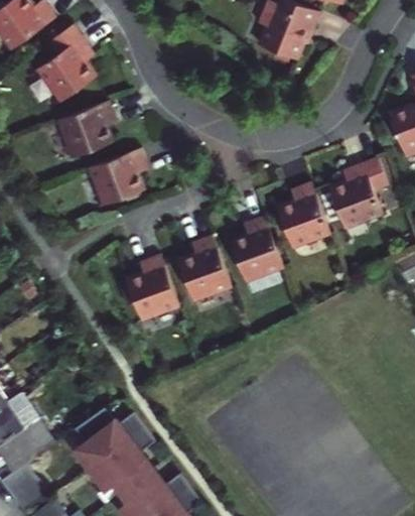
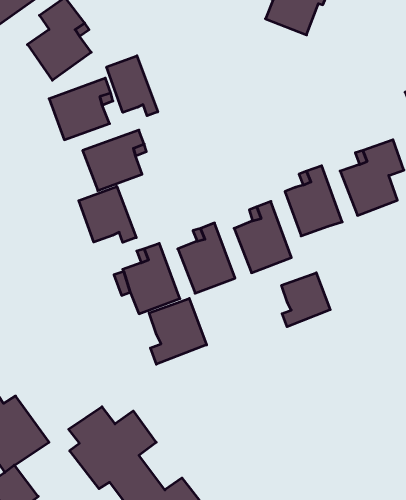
building: none -> [107,56,158,116]
building: none -> [79,186,136,242]
building: none -> [282,273,330,327]
building: none -> [149,298,207,364]

